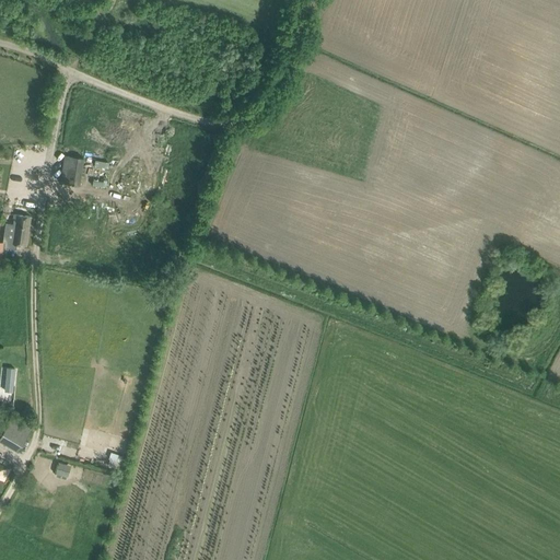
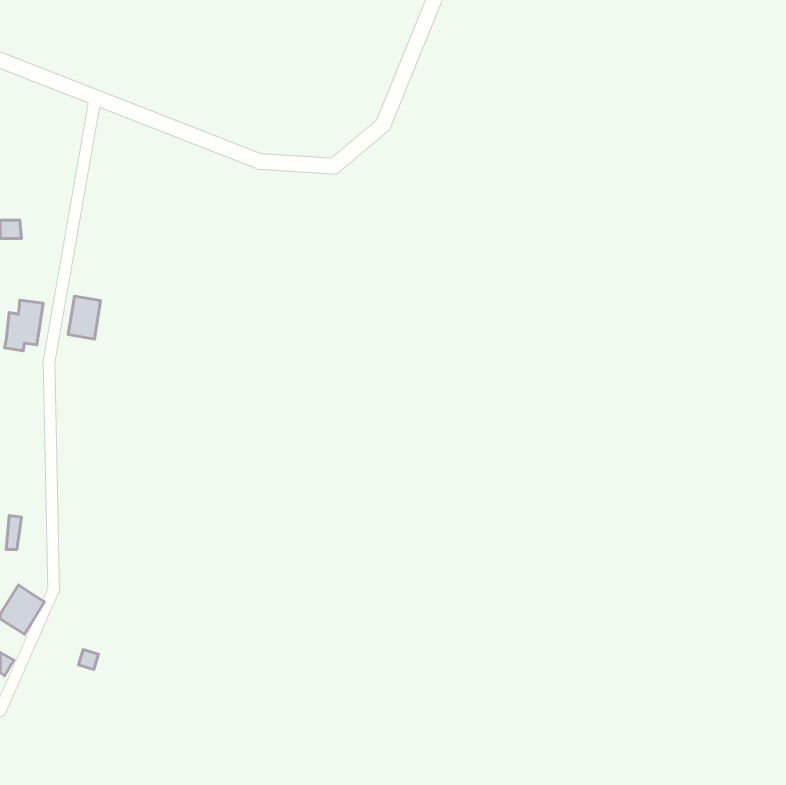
building: [60,155,83,186] -> [68,296,101,339]

